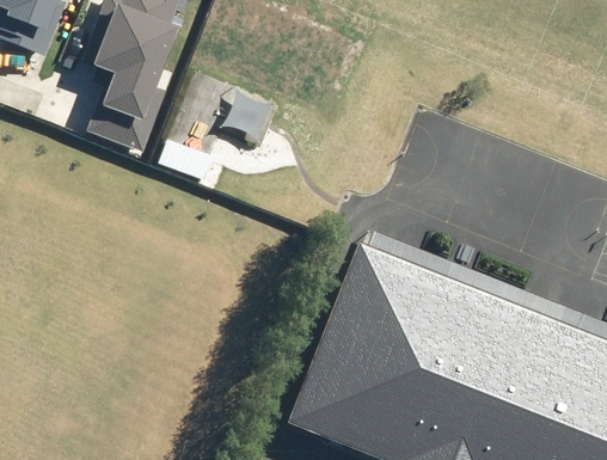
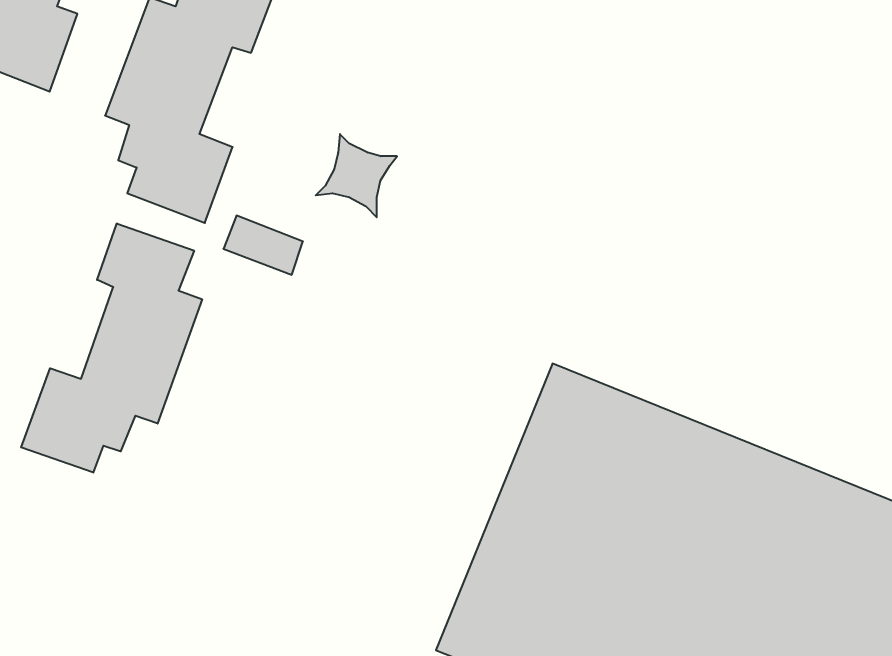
building: none -> [21,223,202,473]

